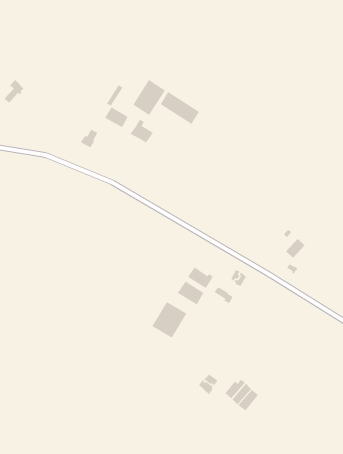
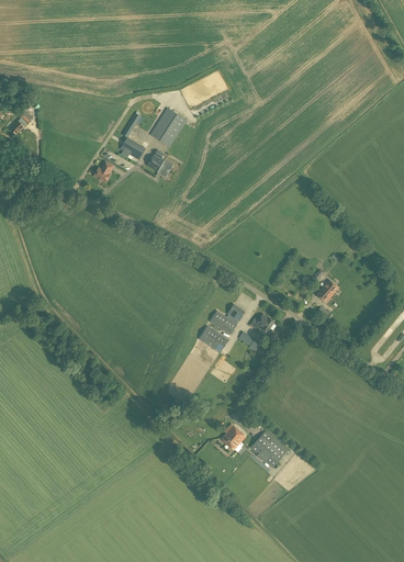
building: [160,91,200,125] -> none
building: [151,301,187,339] -> none

